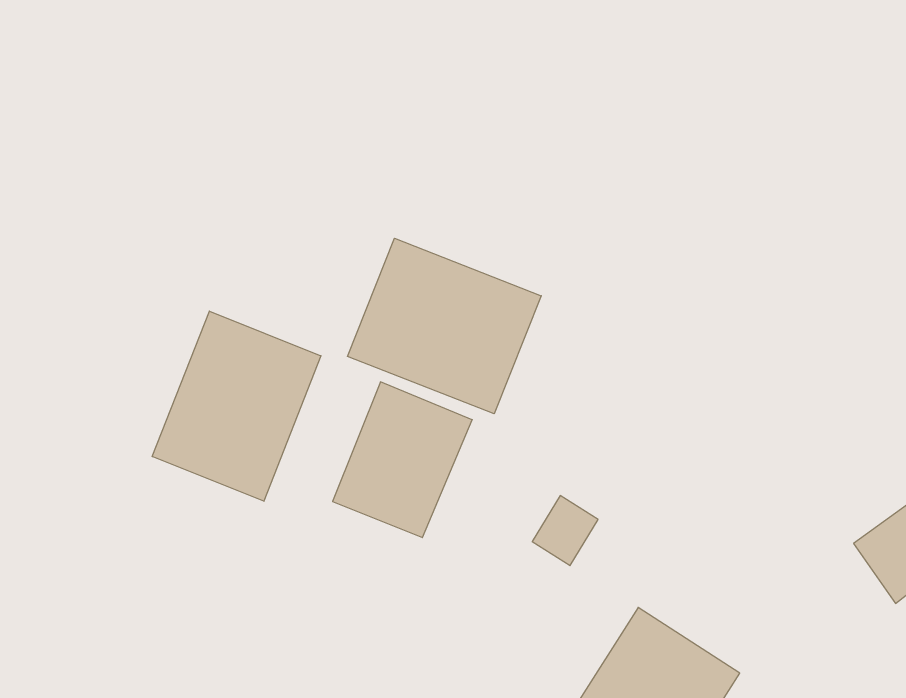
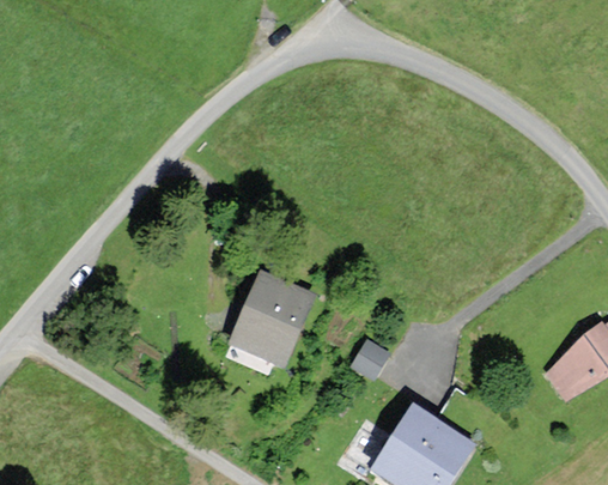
building: [347,238,541,414] -> none
building: [152,311,321,501] -> none

